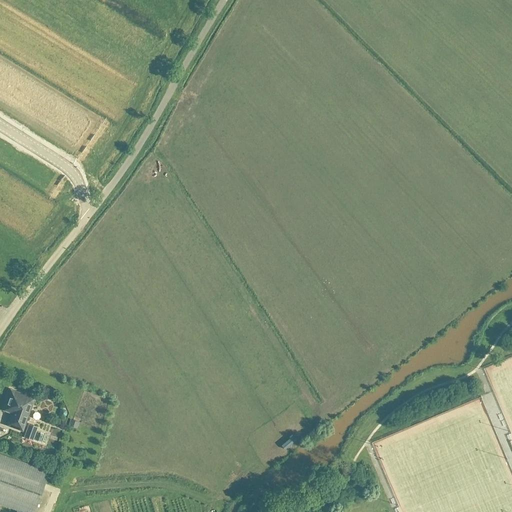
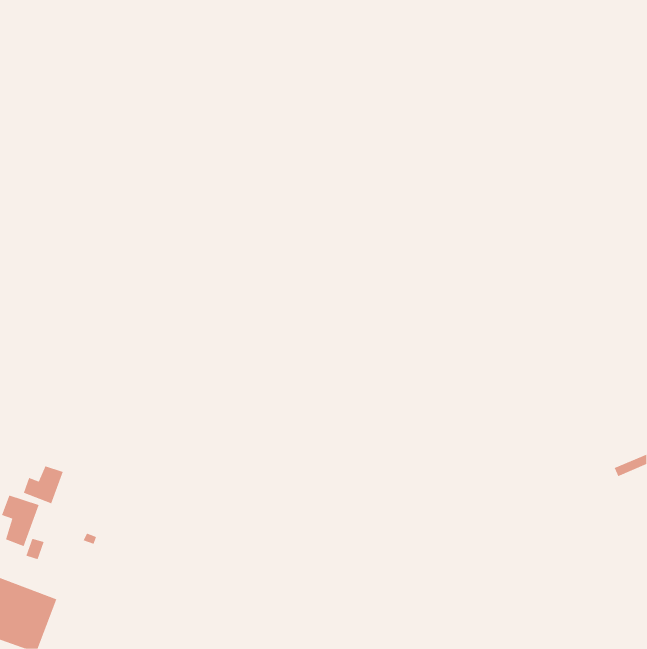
building: none -> [23,465,63,504]

